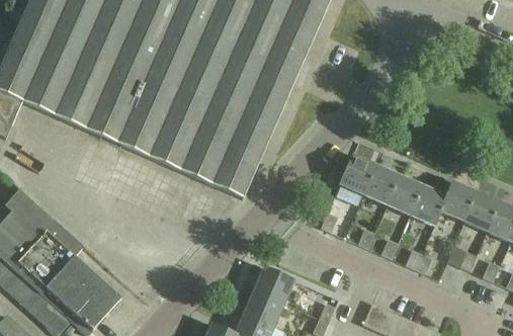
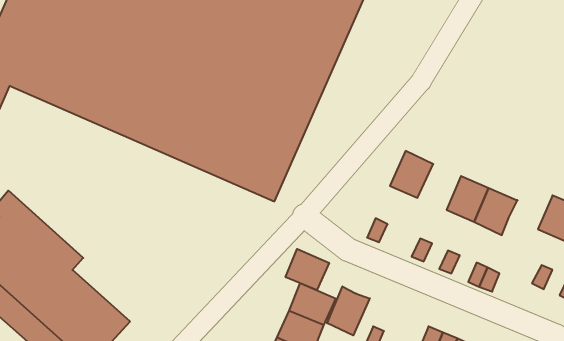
building: [363,165,400,203] -> none
building: [440,180,477,220] -> none
building: none -> [286,249,329,290]
building: none -> [327,286,370,335]

